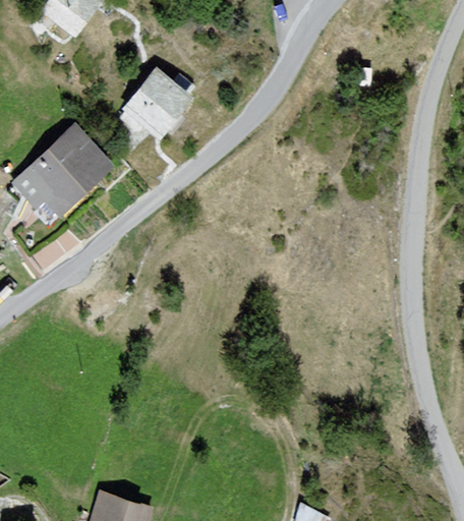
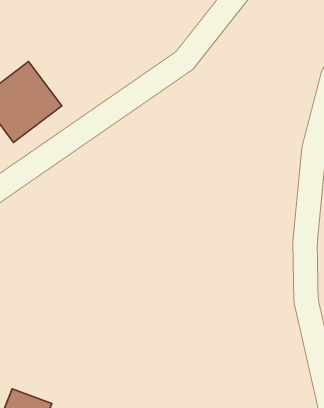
building: [126,68,193,135] -> none

